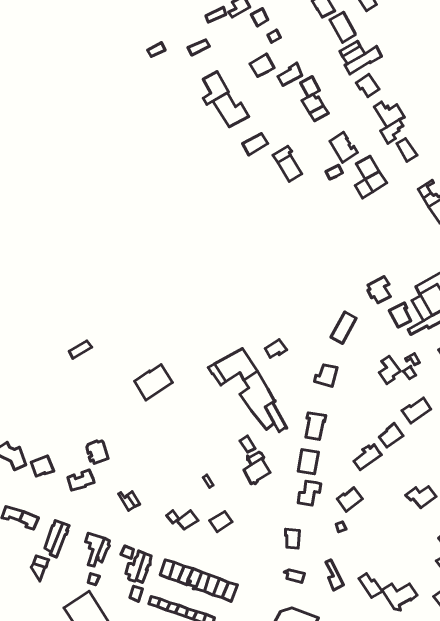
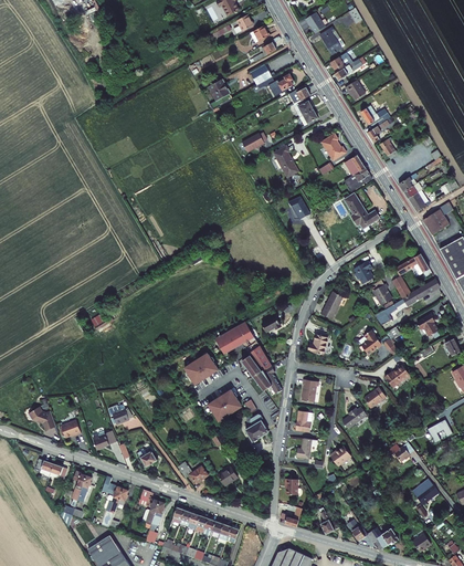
building: [213,93,249,127] -> none
building: none -> [345,193,378,229]
building: [134,365,172,400] -> [184,354,218,385]
building: none -> [208,389,241,421]

